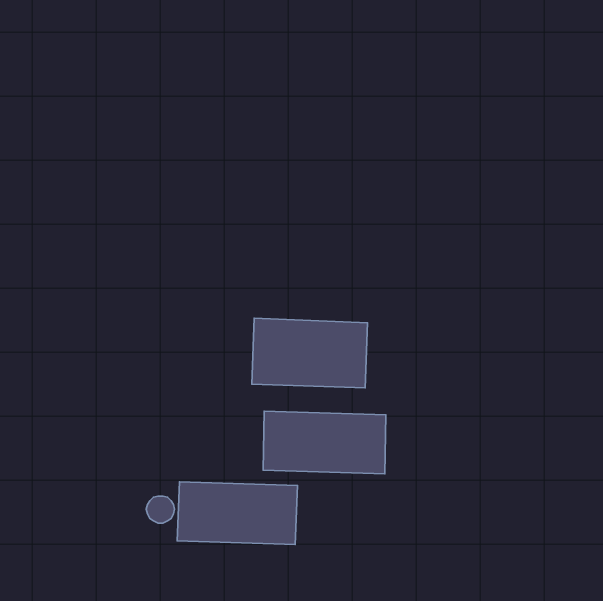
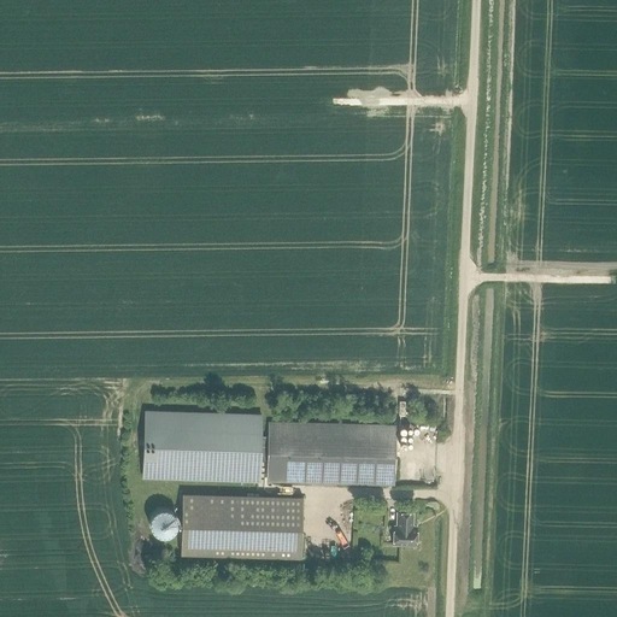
building: [252,318,367,388] -> [143,410,262,481]
building: none -> [394,512,417,545]

